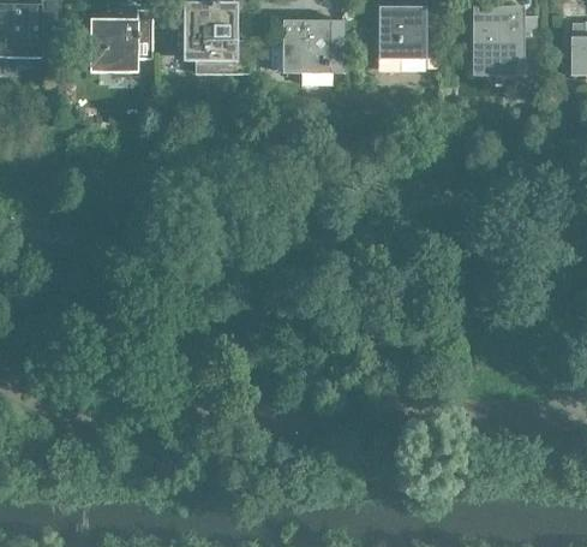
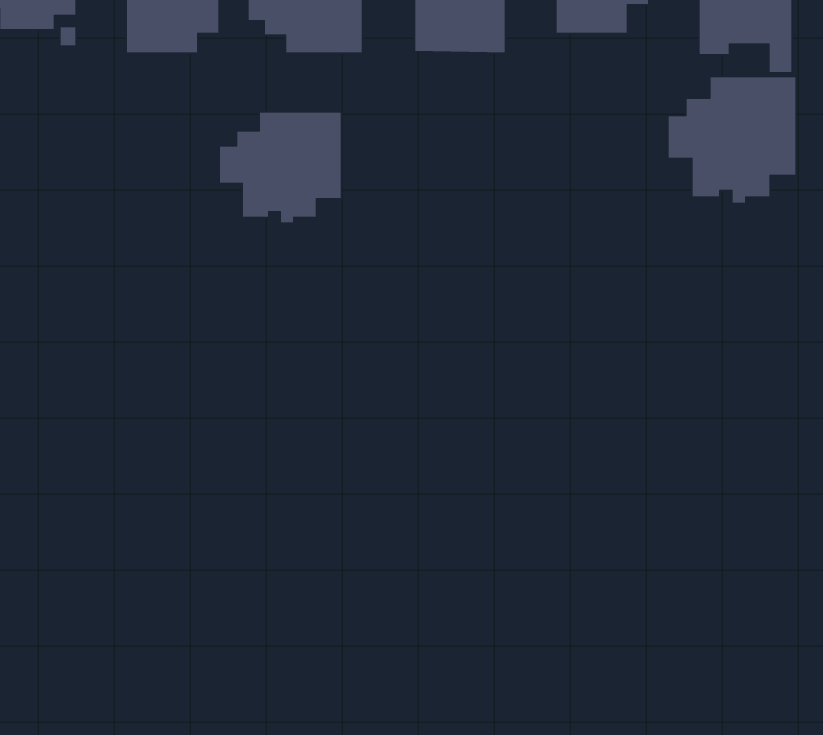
building: none -> [668,77,796,204]
building: none -> [219,112,341,223]

